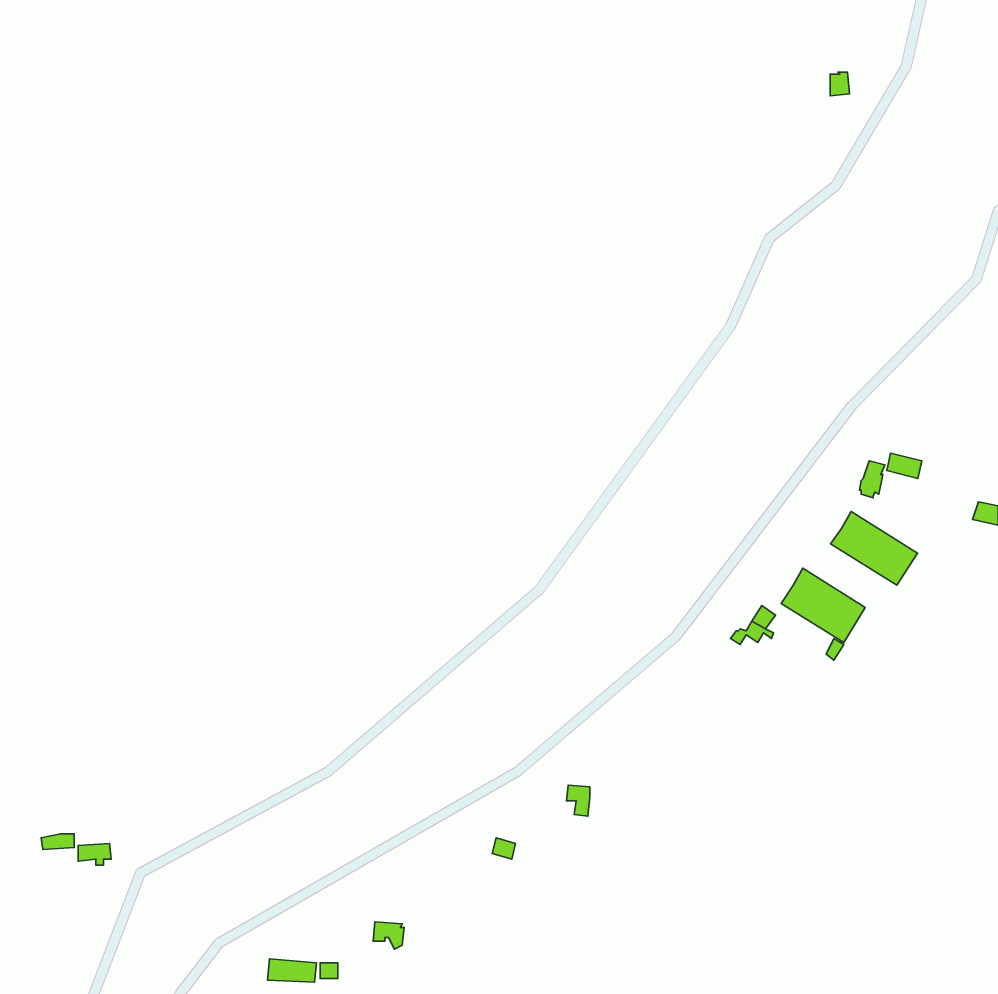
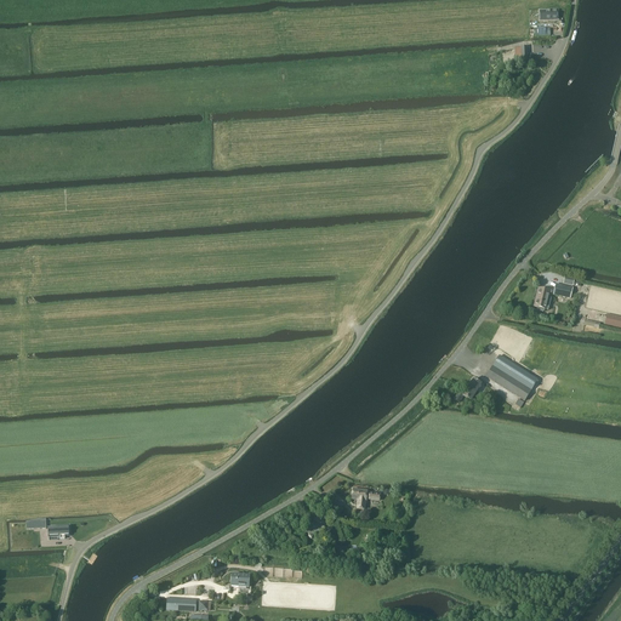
building: [831,512,918,585] -> none

